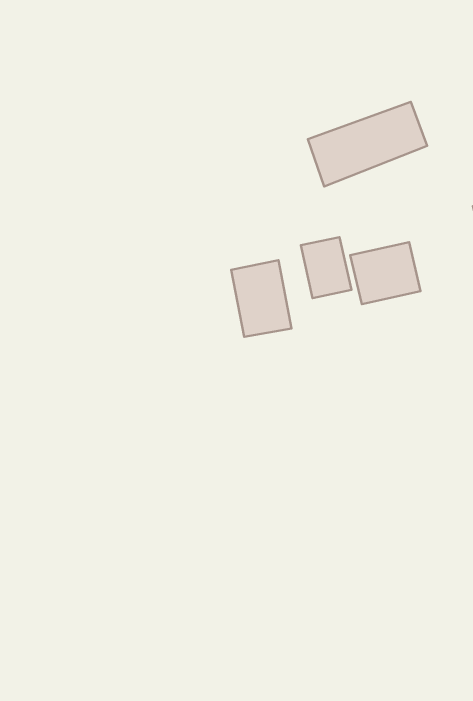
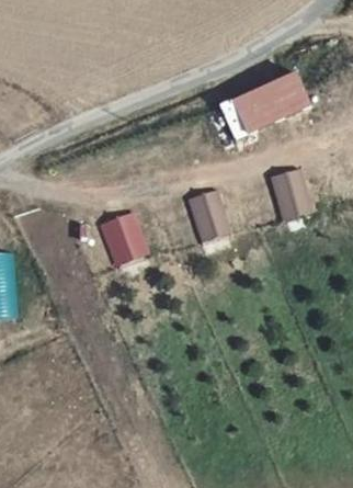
building: [301,237,351,298] -> none
building: none -> [98,208,148,264]

